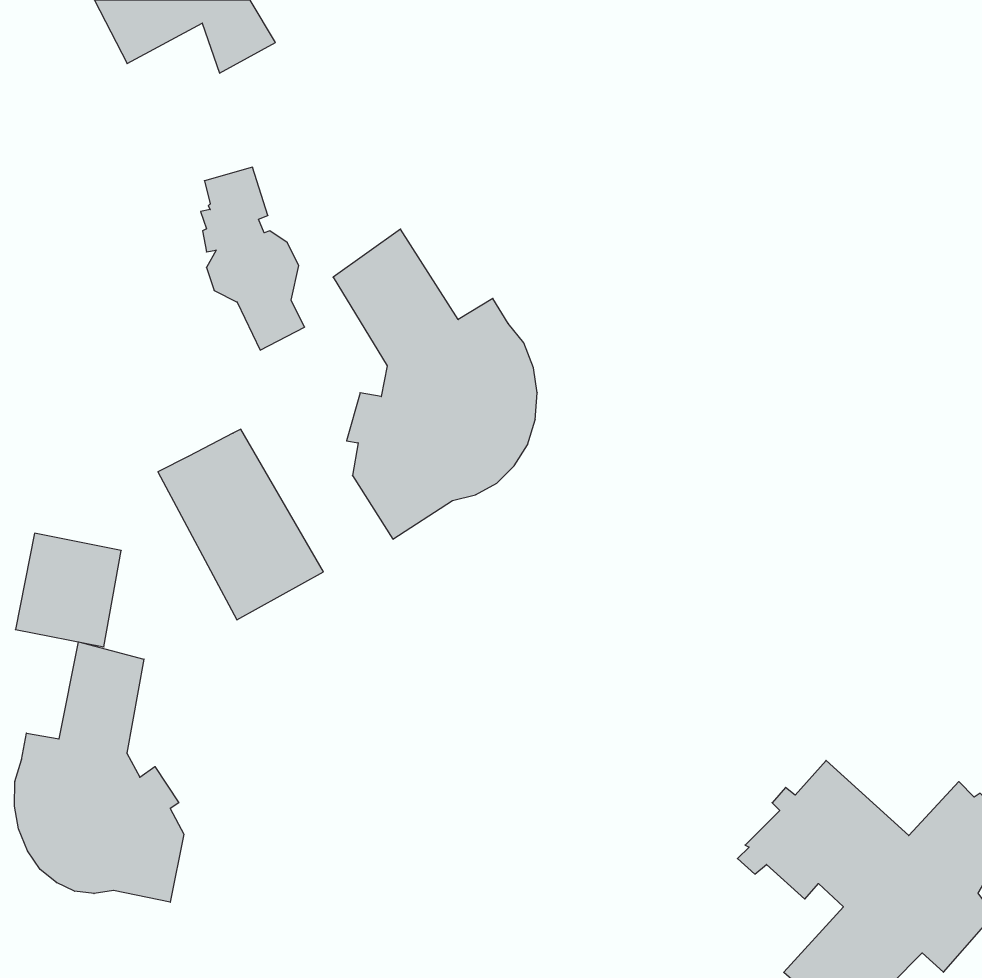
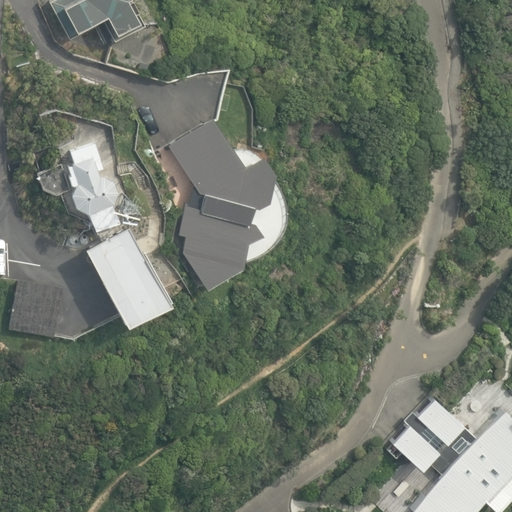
building: [201,167,305,350] -> [68,145,122,240]
building: [14,642,184,902] -> none

